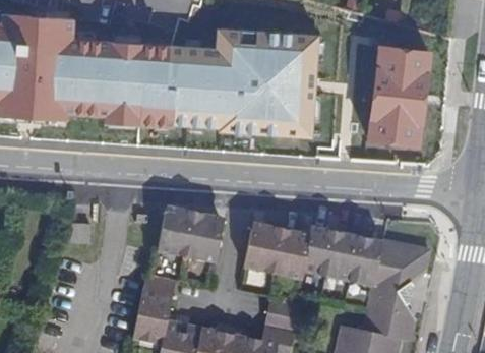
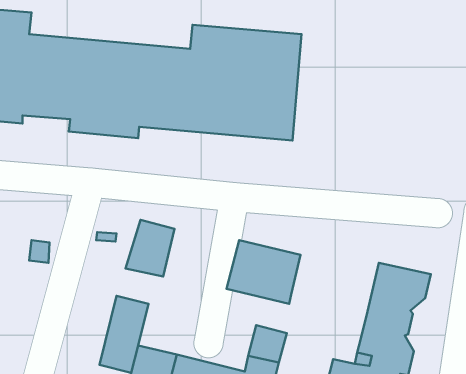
building: [367,47,428,145] -> none
building: [190,212,228,261] -> none
building: [305,227,383,286] -> none

